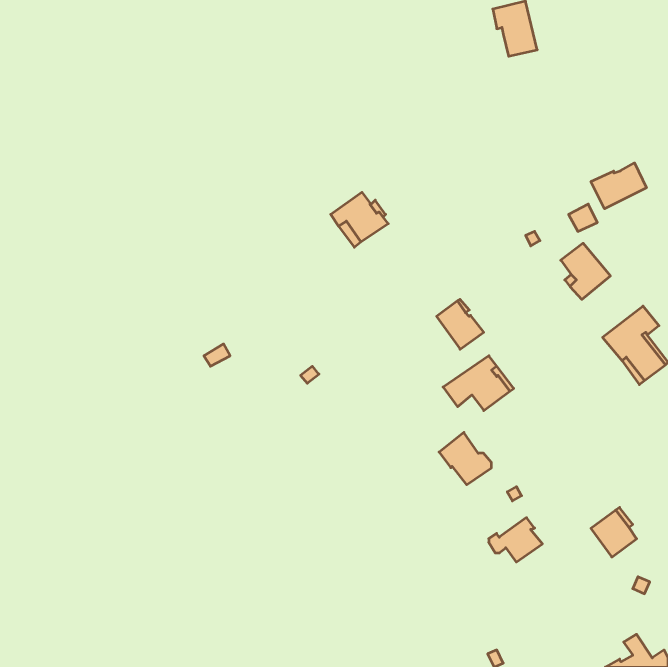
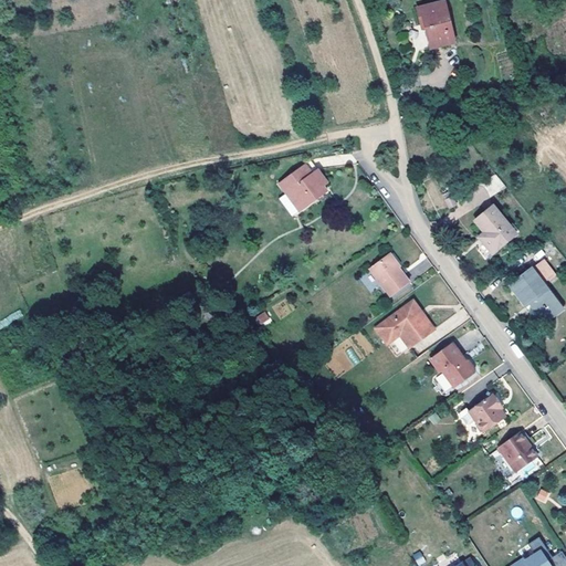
building: [591,163,646,209] -> none
building: [439,432,491,485] -> [430,342,474,386]
building: [489,518,542,562] -> [460,394,505,431]

